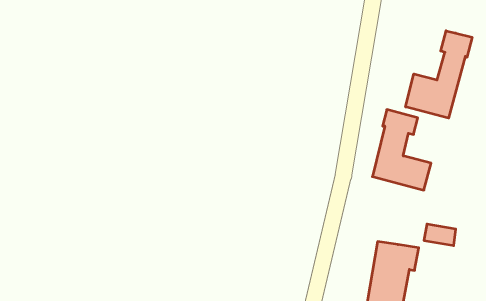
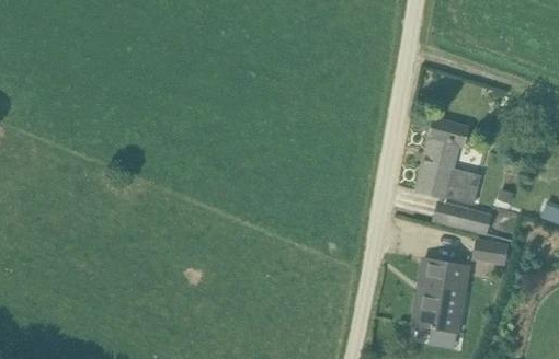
building: [406,31,472,118] -> none
building: none -> [435,204,492,233]

